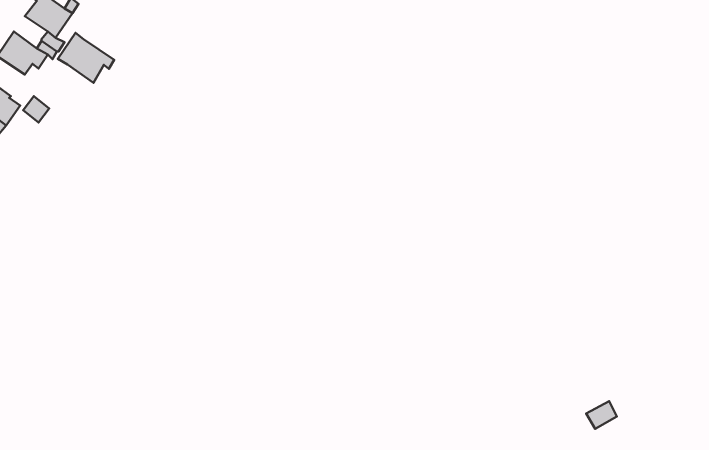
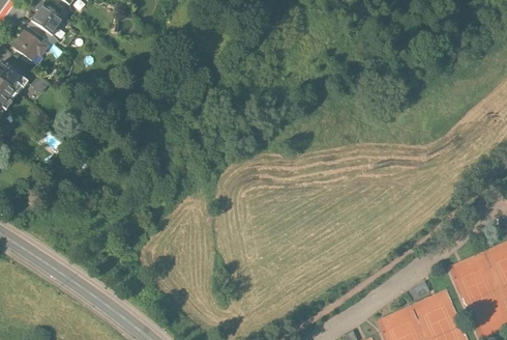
building: [58,33,114,83] -> none

